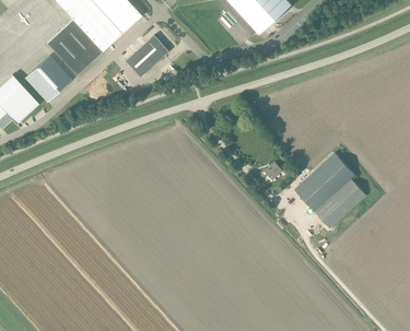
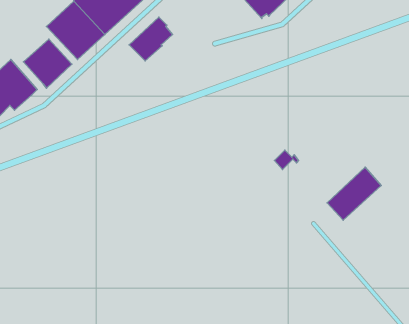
building: [294,153,354,211] -> none

